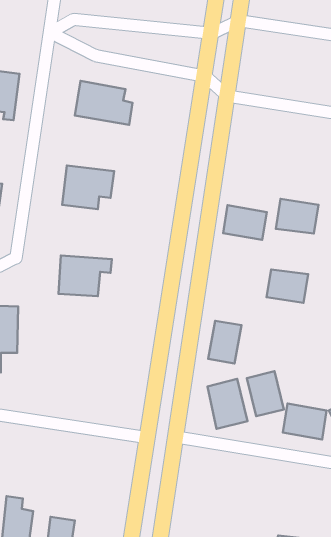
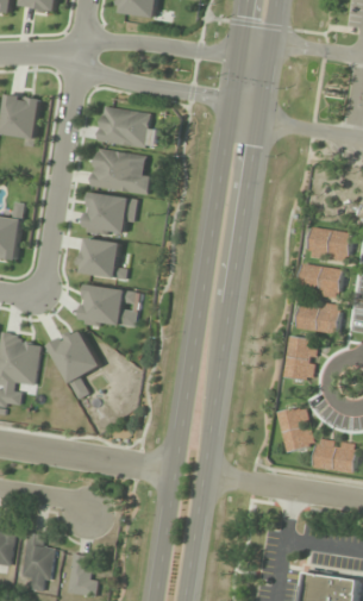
building: none -> [89,149,152,196]
building: [223,205,267,240] -> [296,264,342,300]
building: none -> [79,238,120,278]
building: none -> [46,328,101,396]
building: [208,321,242,363] -> [281,337,315,381]
building: [208,379,247,429] -> none

